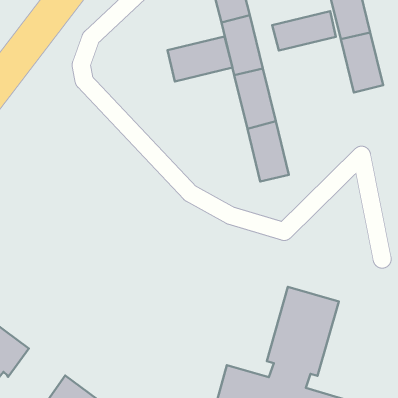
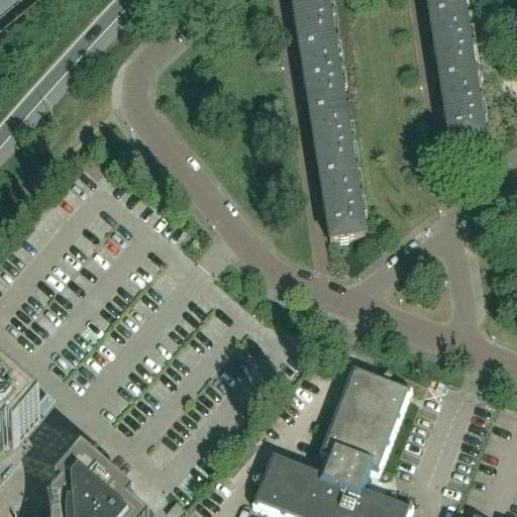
building: [272,11,336,51] -> none
building: [168,36,232,81] -> none

